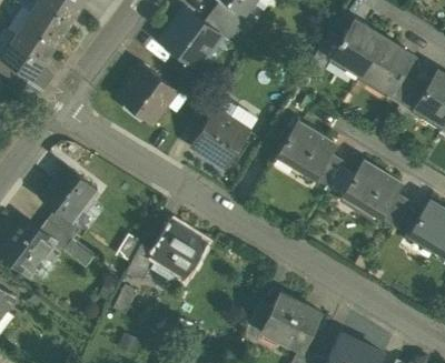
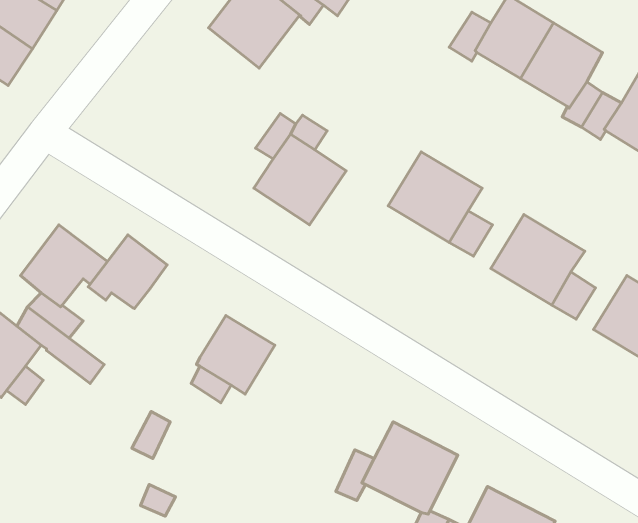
building: [119,64,178,122] -> none
building: none -> [88,235,167,309]
building: [127,243,157,280] -> none

